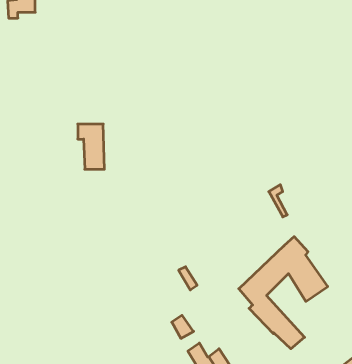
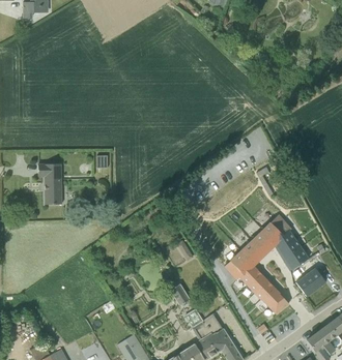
building: [78,124,104,169] -> [37,163,61,204]
building: none -> [295,267,325,296]

